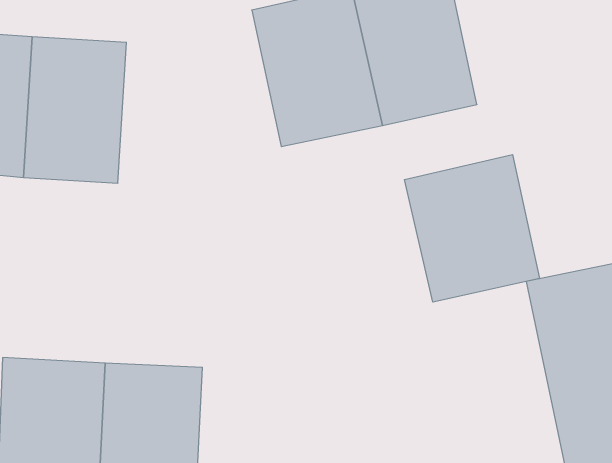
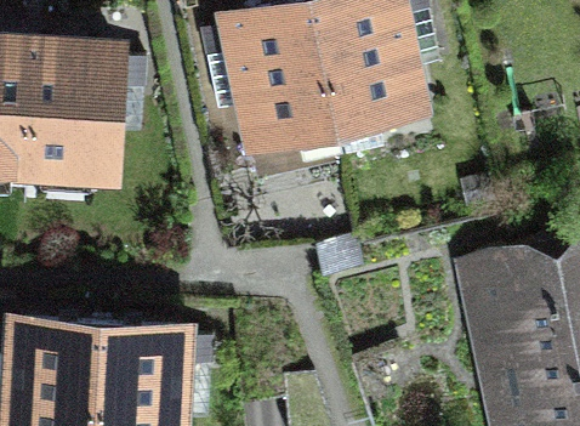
building: [405,155,539,302] -> none

